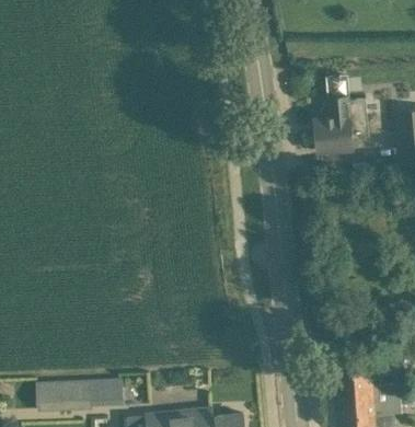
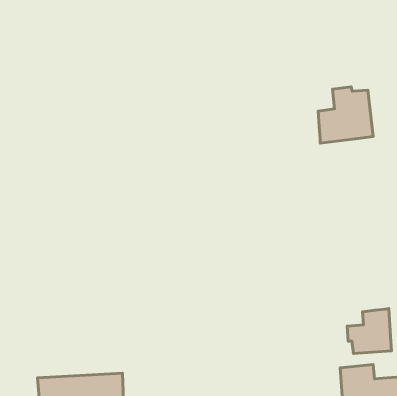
building: none -> [347,309,392,353]

